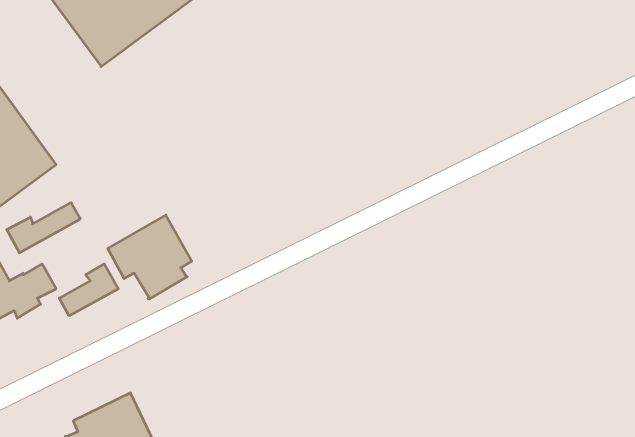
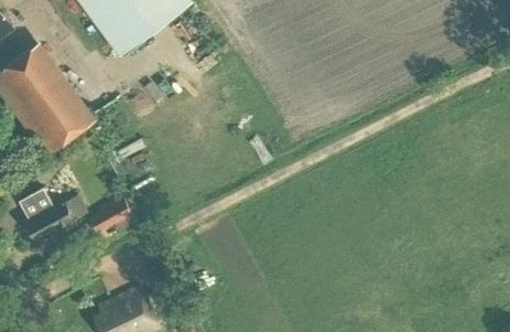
building: [7,203,80,253] -> none
building: [108,215,192,299] -> none

